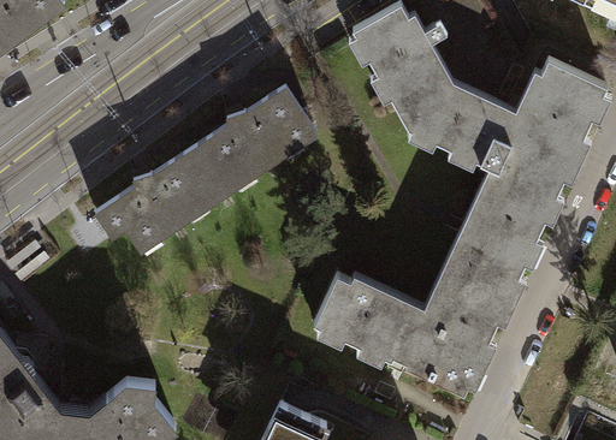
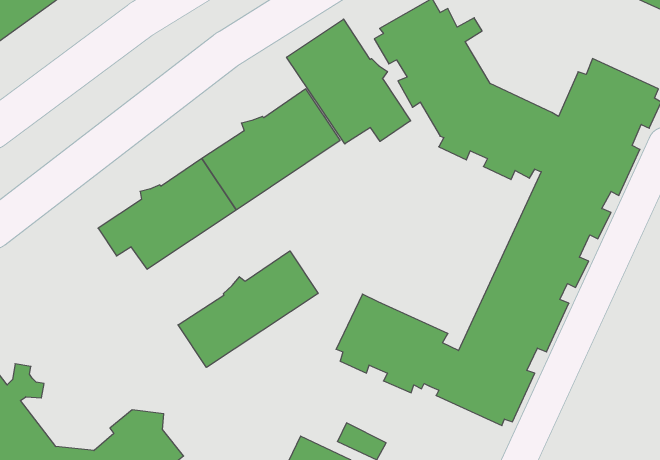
building: none -> [287,19,411,144]
building: [351,161,500,327] -> none
building: none -> [178,251,318,367]

